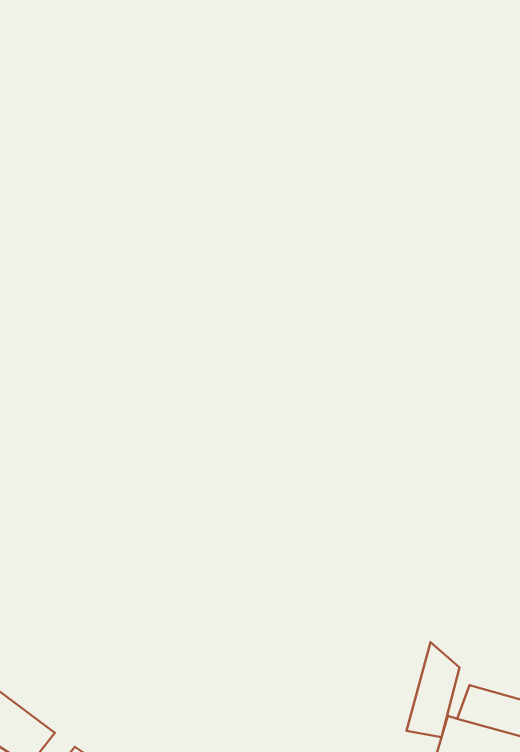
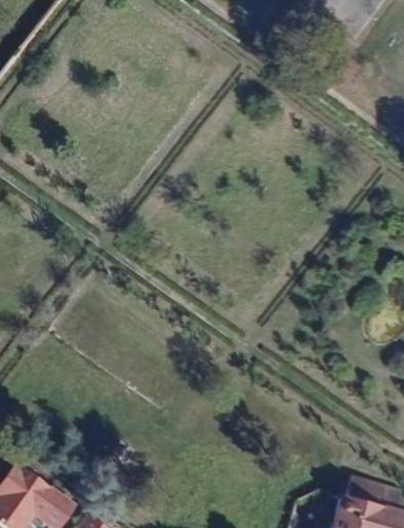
building: [407,642,460,737] -> none

